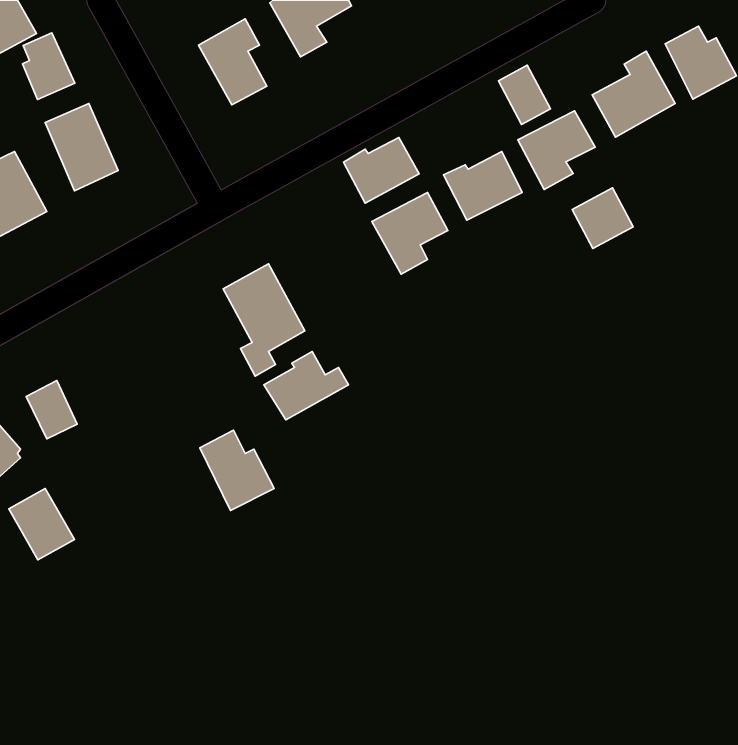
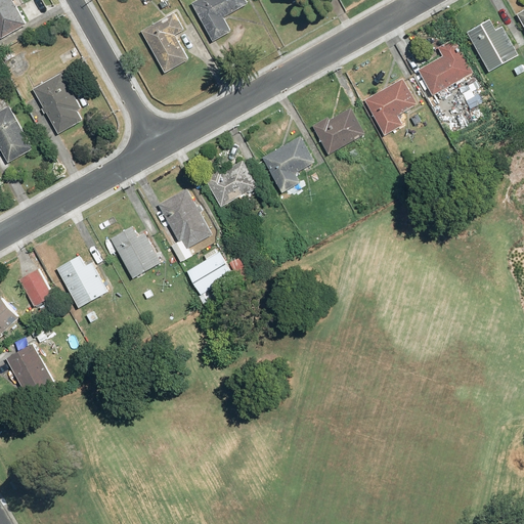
building: [22,33,75,99] -> none
building: [498,65,550,124] -> none
building: [343,137,419,203] -> [205,160,258,206]
building: [572,188,633,248] -> none
building: none -> [57,254,112,307]
building: [200,430,274,510] -> [108,222,161,278]

